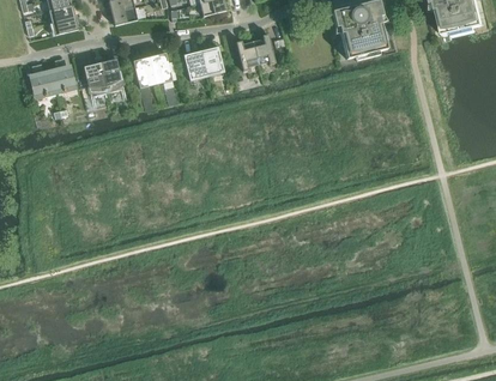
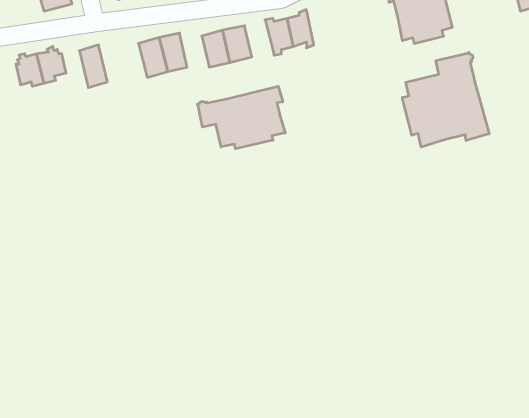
building: [99,58,123,91] -> none
building: none -> [402,52,489,147]
building: none -> [197,86,285,149]

